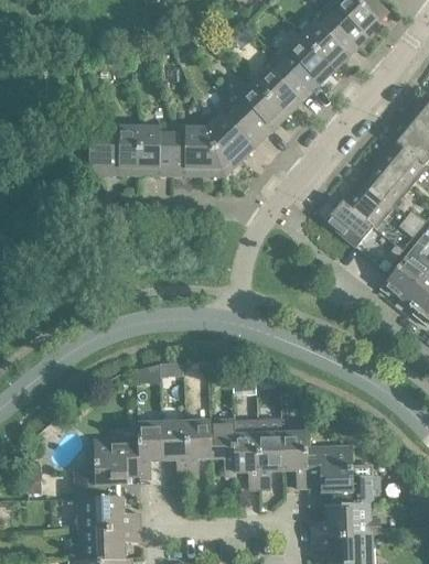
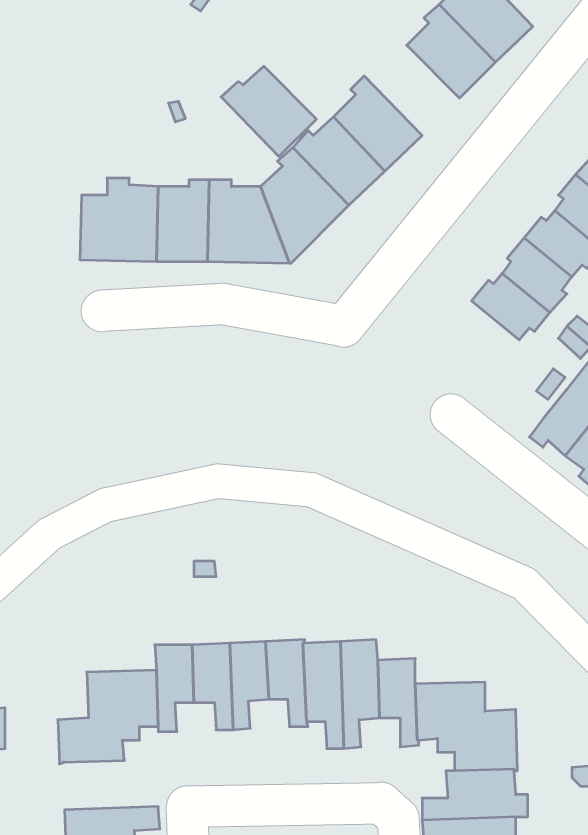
building: [275,34,336,93] -> [221,66,316,156]
building: [326,199,375,246] -> none
building: [79,496,141,529] -> none

